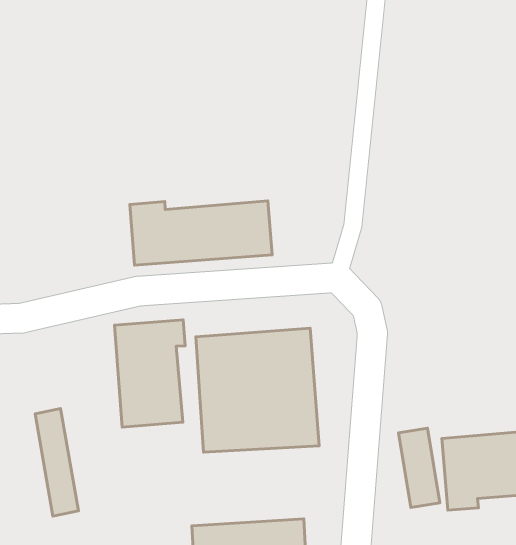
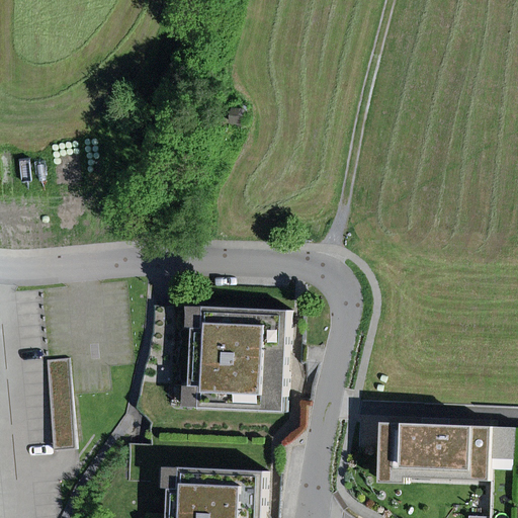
building: [130,201,272,265] -> none
building: [114,320,185,427] -> none

